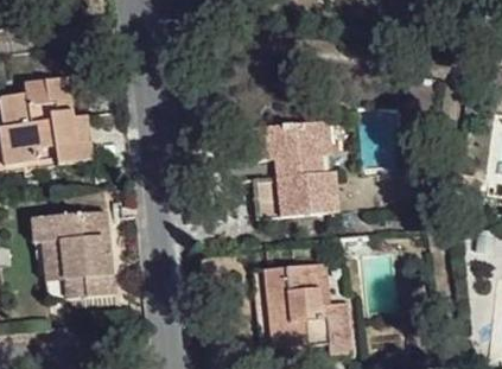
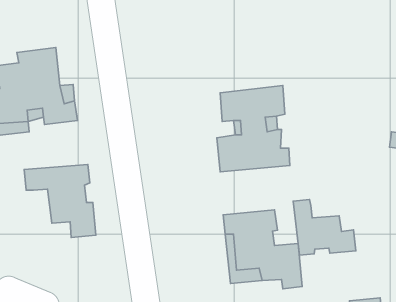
building: [44,237,88,297] -> none
building: none -> [293,200,356,255]

